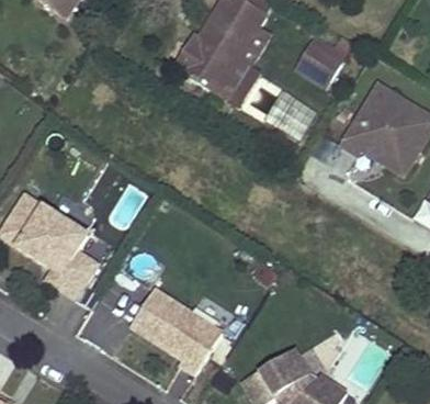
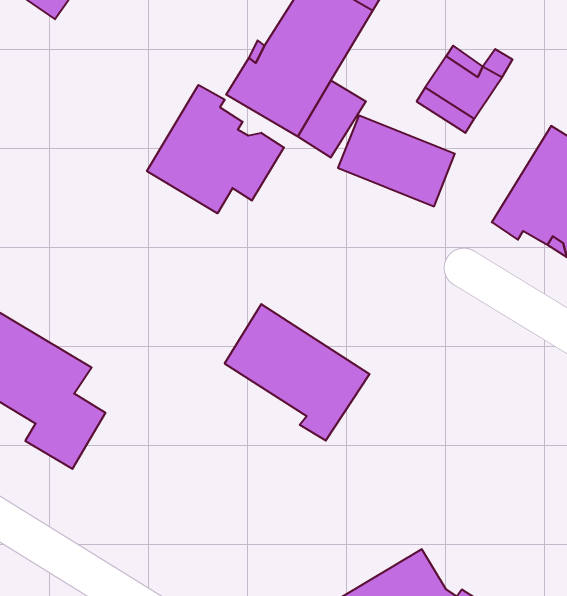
building: none -> [147,85,284,213]
building: [134,288,225,373] -> [225,304,370,441]

